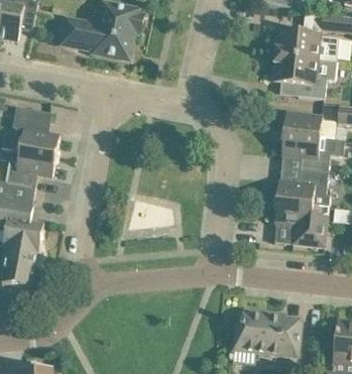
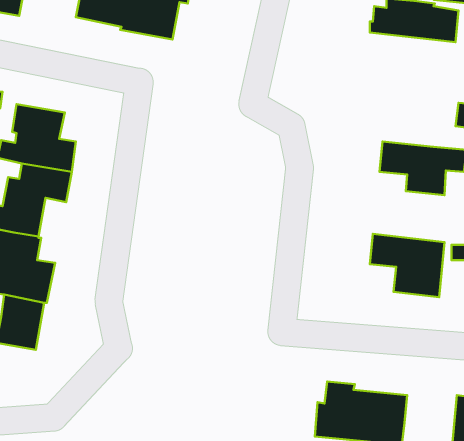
building: [272,54,336,99] -> none
building: [282,112,322,138] -> none
building: [275,170,330,208] -> none

